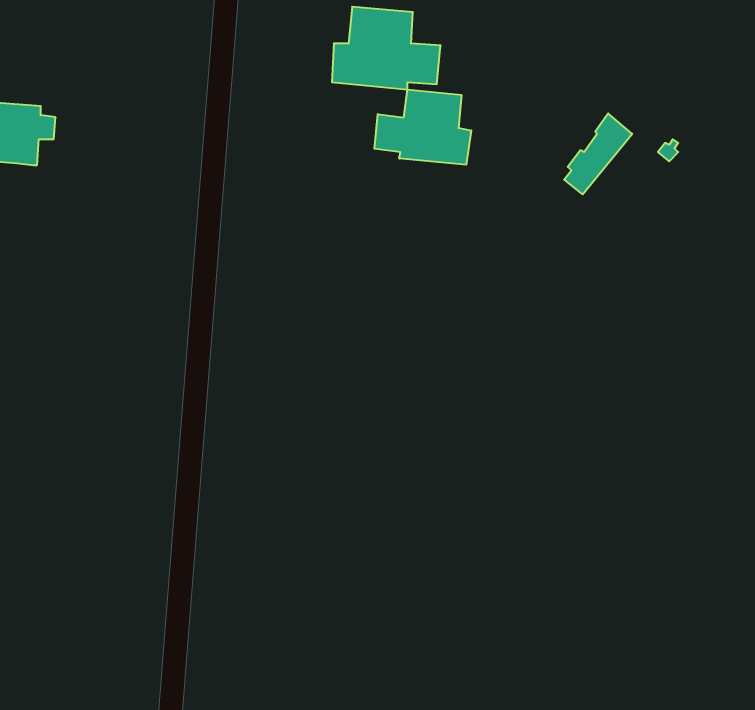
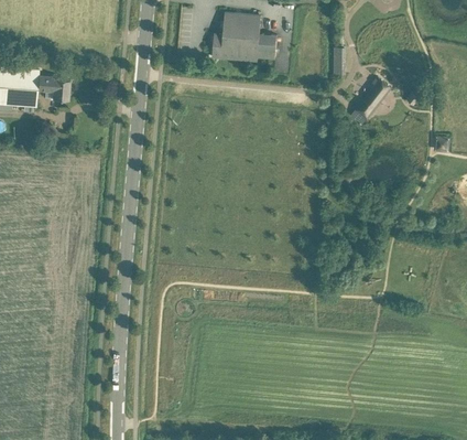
building: [374,90,471,165] -> none
building: none -> [45,78,70,100]

